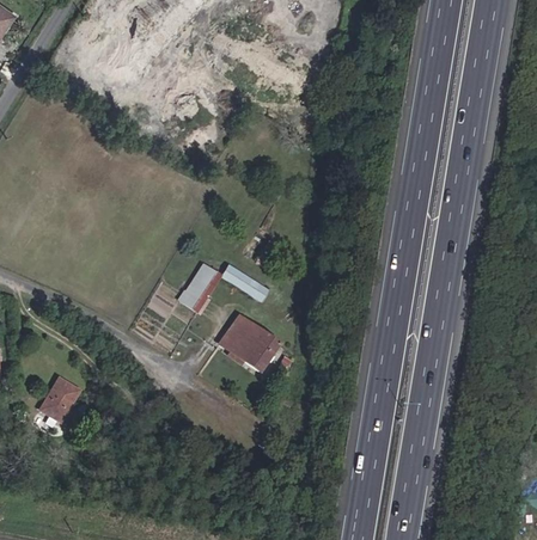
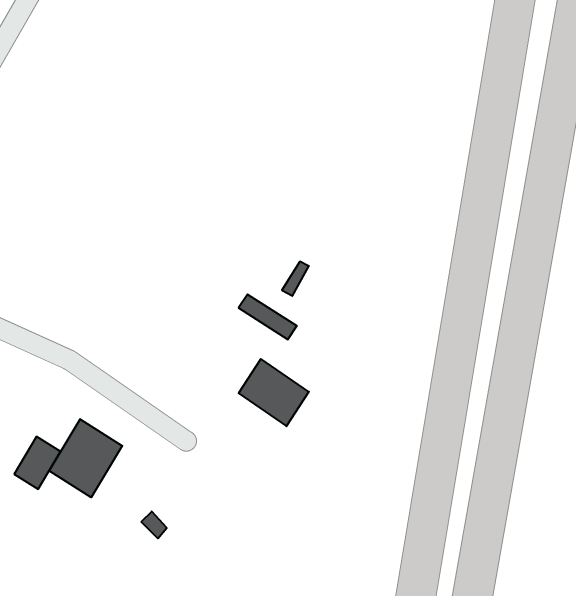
building: [179,263,221,311] -> none
building: none -> [49,419,122,497]

